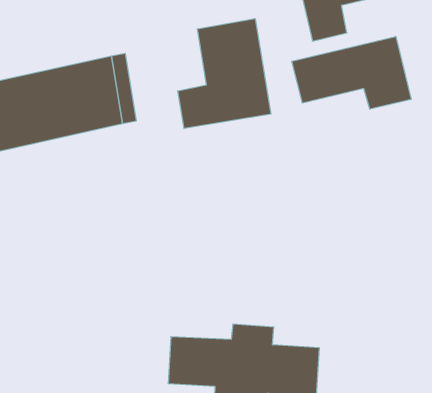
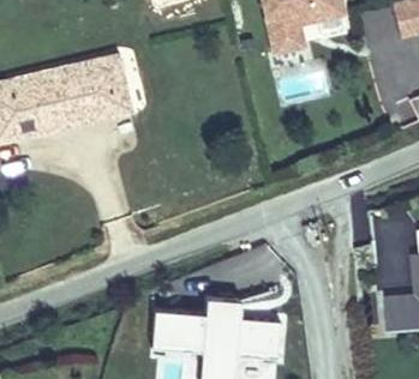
building: [178,19,271,129] -> none
building: [292,36,411,109] -> none

